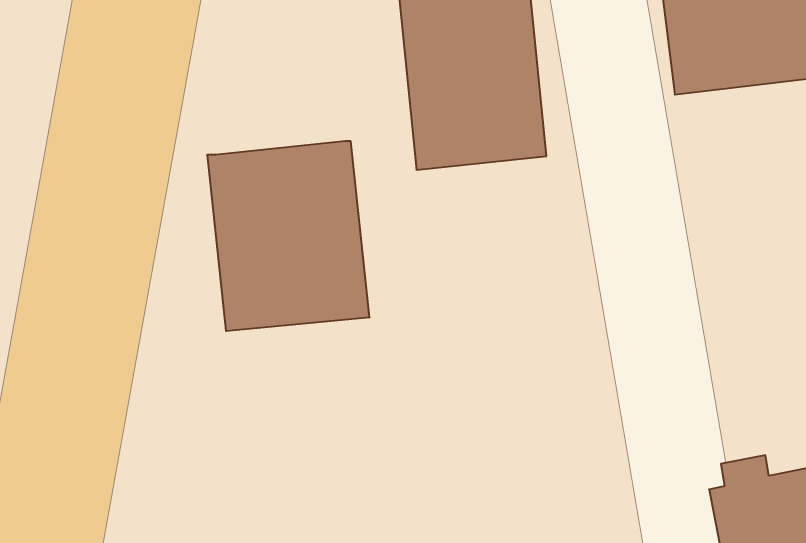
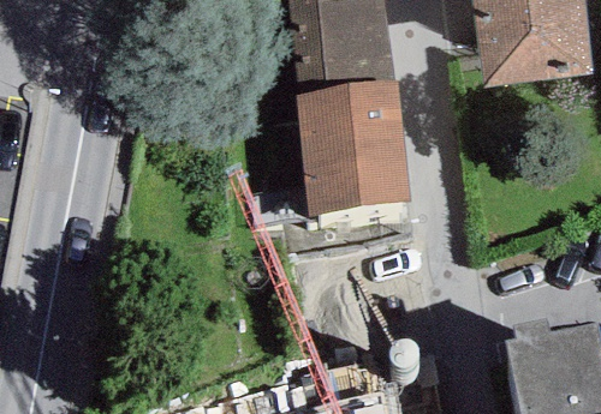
building: [207,141,370,331] -> [294,120,409,253]

